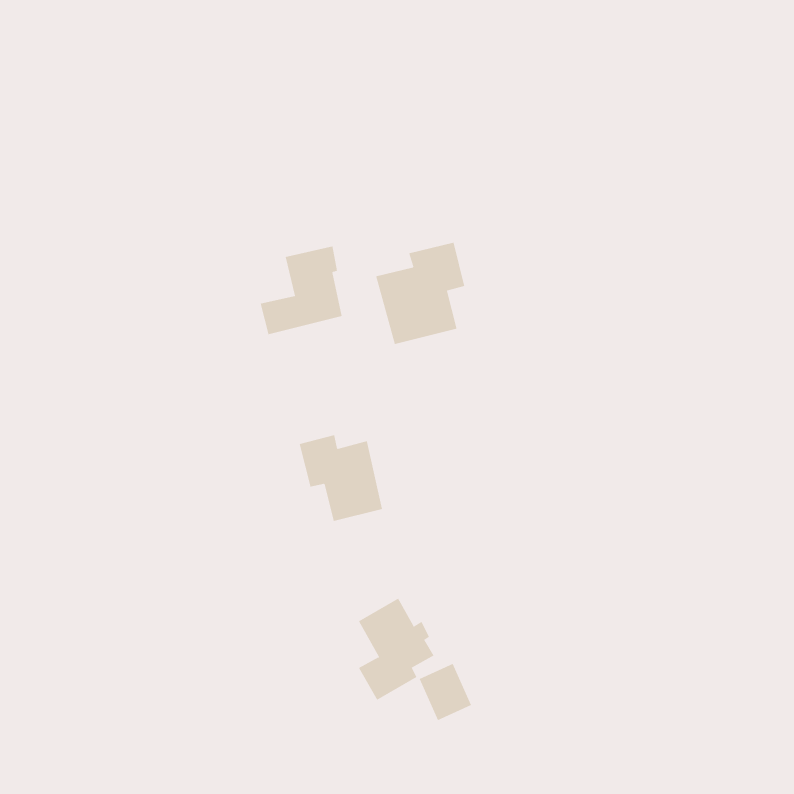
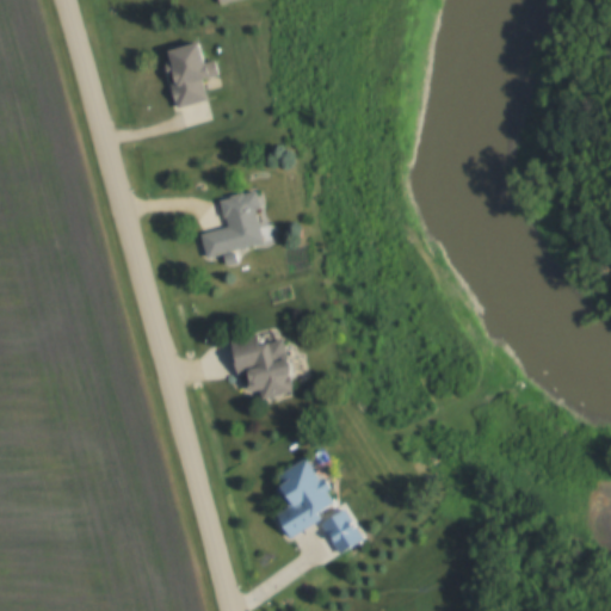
building: none -> [163,42,216,109]
building: [375,242,465,345] -> none

